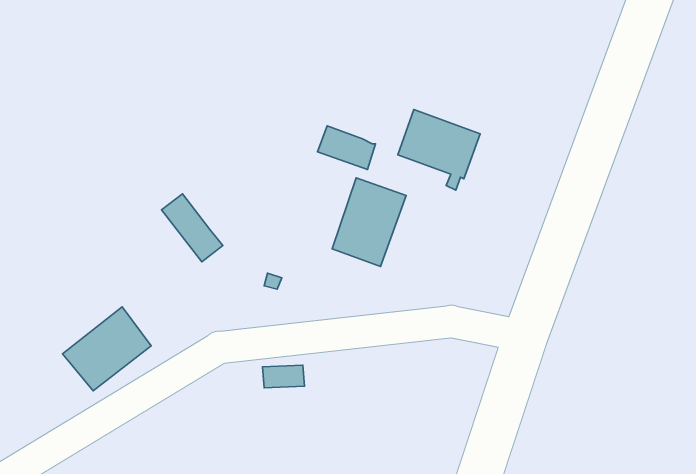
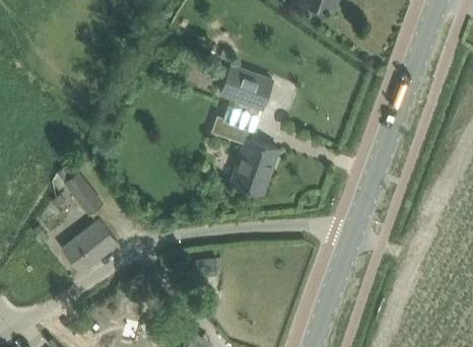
building: [398,109,480,190] -> [220,67,272,118]
building: [161,194,223,262] -> [64,172,103,215]

